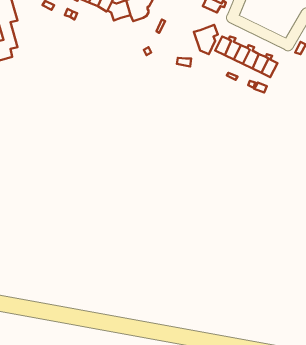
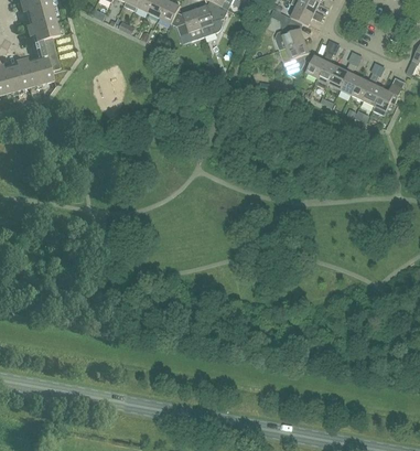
building: none -> [274,17,304,49]
building: none -> [371,76,405,114]

